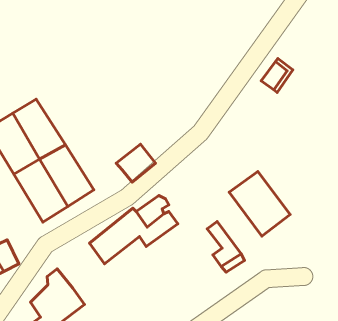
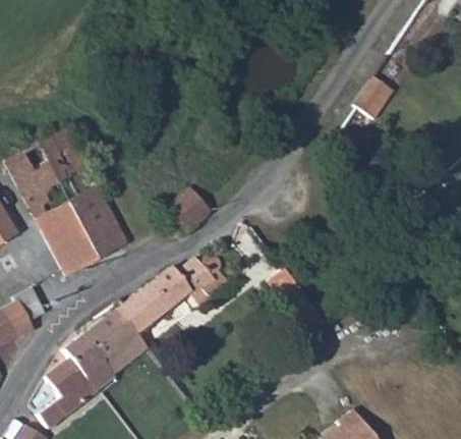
building: [229,171,290,236] -> none
building: none -> [90,304,148,359]

